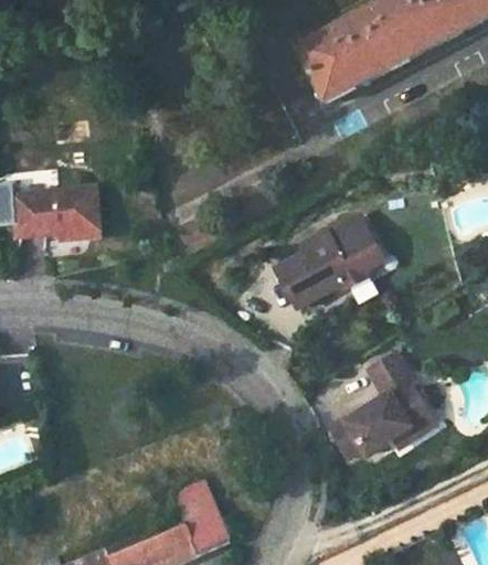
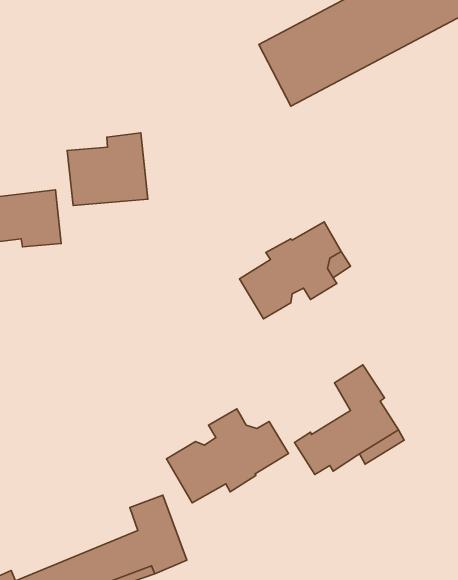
building: none -> [67,133,148,205]
building: none -> [166,409,289,503]

